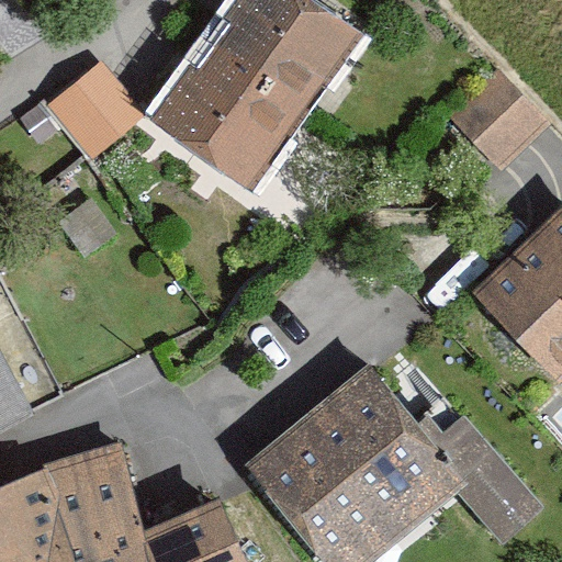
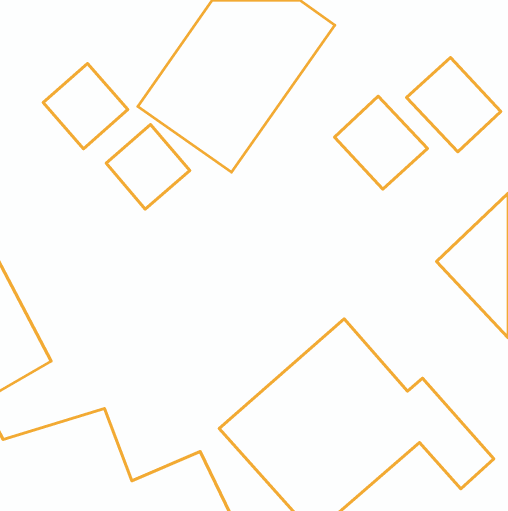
building: none -> [334,96,428,189]
building: none -> [106,124,190,209]

